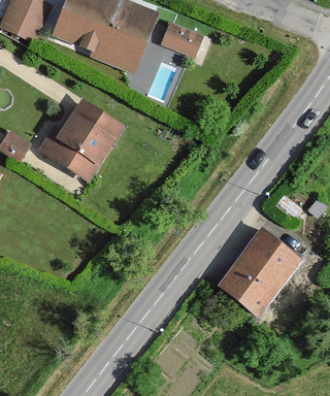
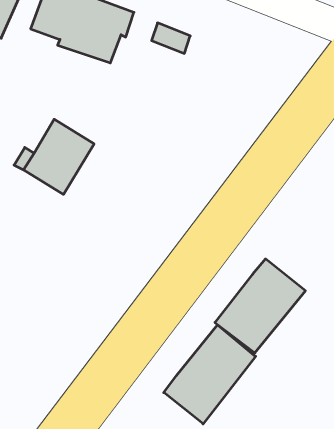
building: none -> [164,325,256,424]

